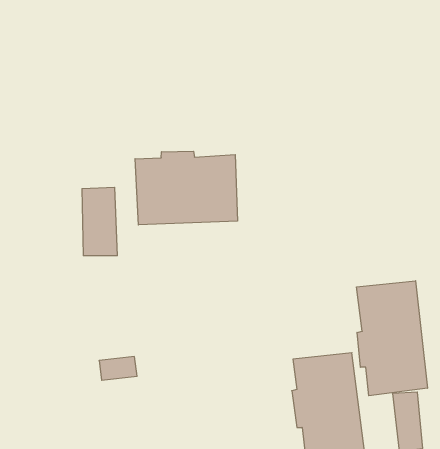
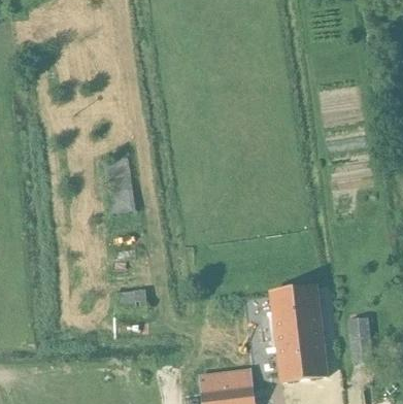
building: [135,151,237,225] -> none
building: [357,281,427,396] -> none

